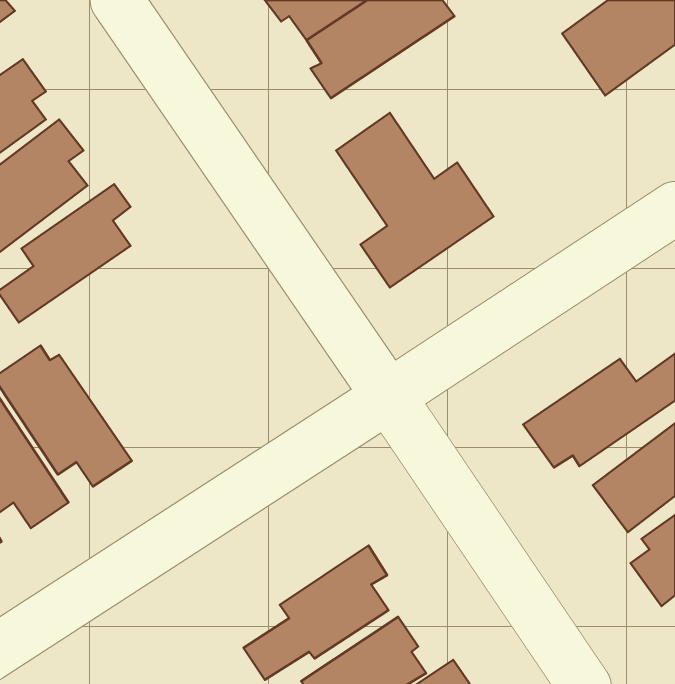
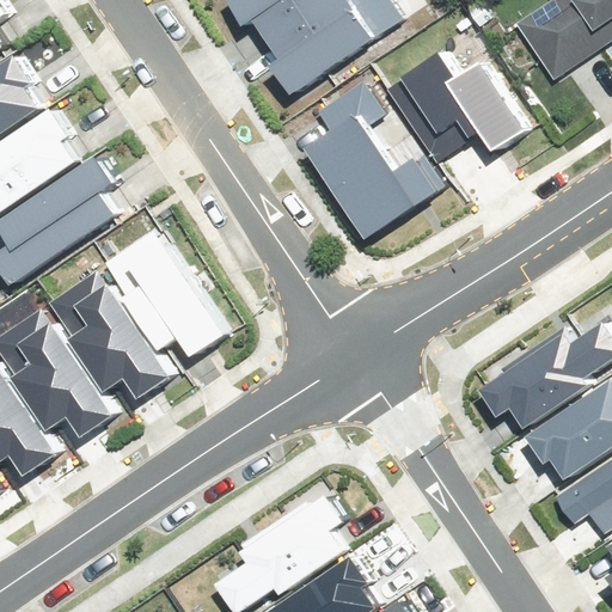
building: none -> [390,42,533,178]
building: none -> [106,232,228,357]
building: none -> [48,273,170,397]

